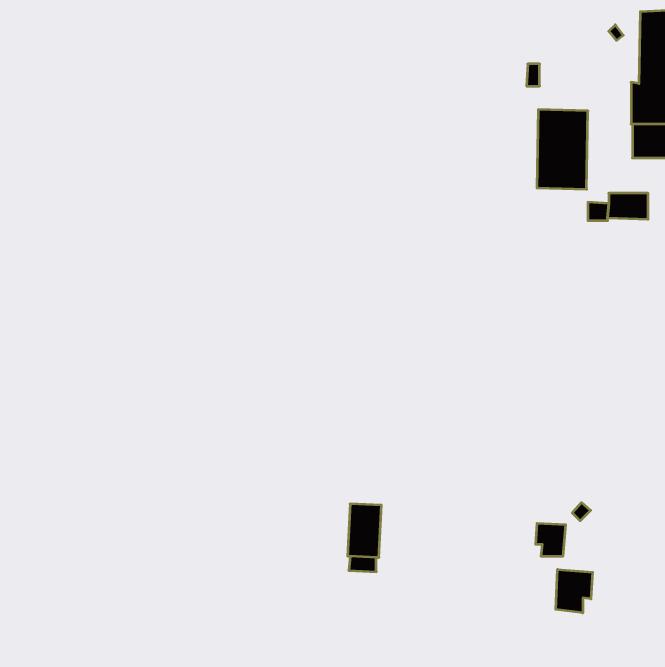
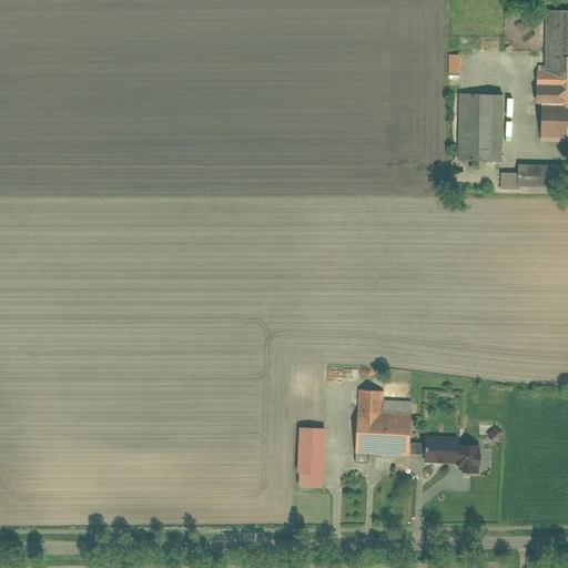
building: none -> [357,390,412,455]
building: none -> [425,436,458,463]
building: [556,569,593,613] -> none

